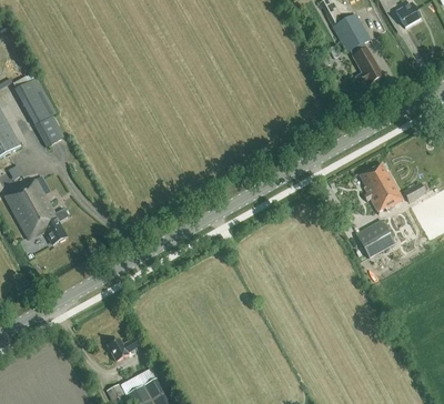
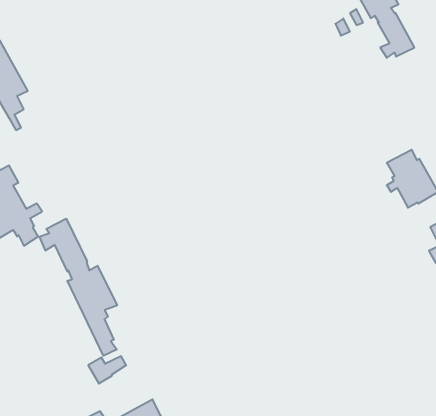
building: [355,220,395,257] -> none
building: none -> [40,219,117,356]

